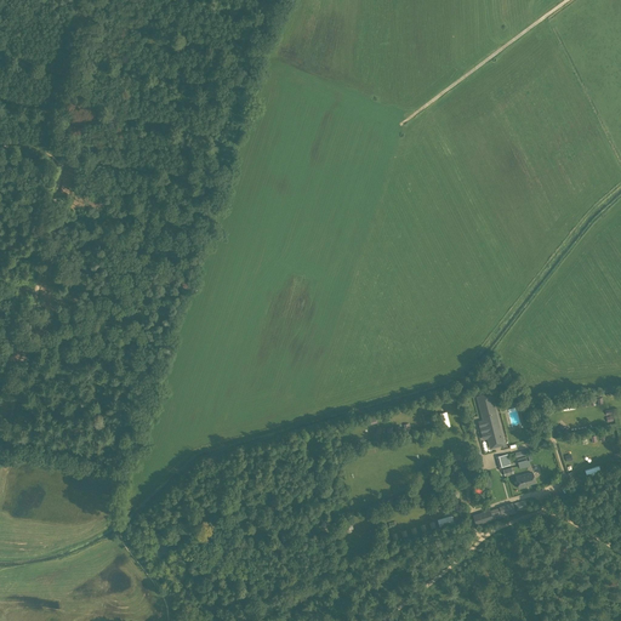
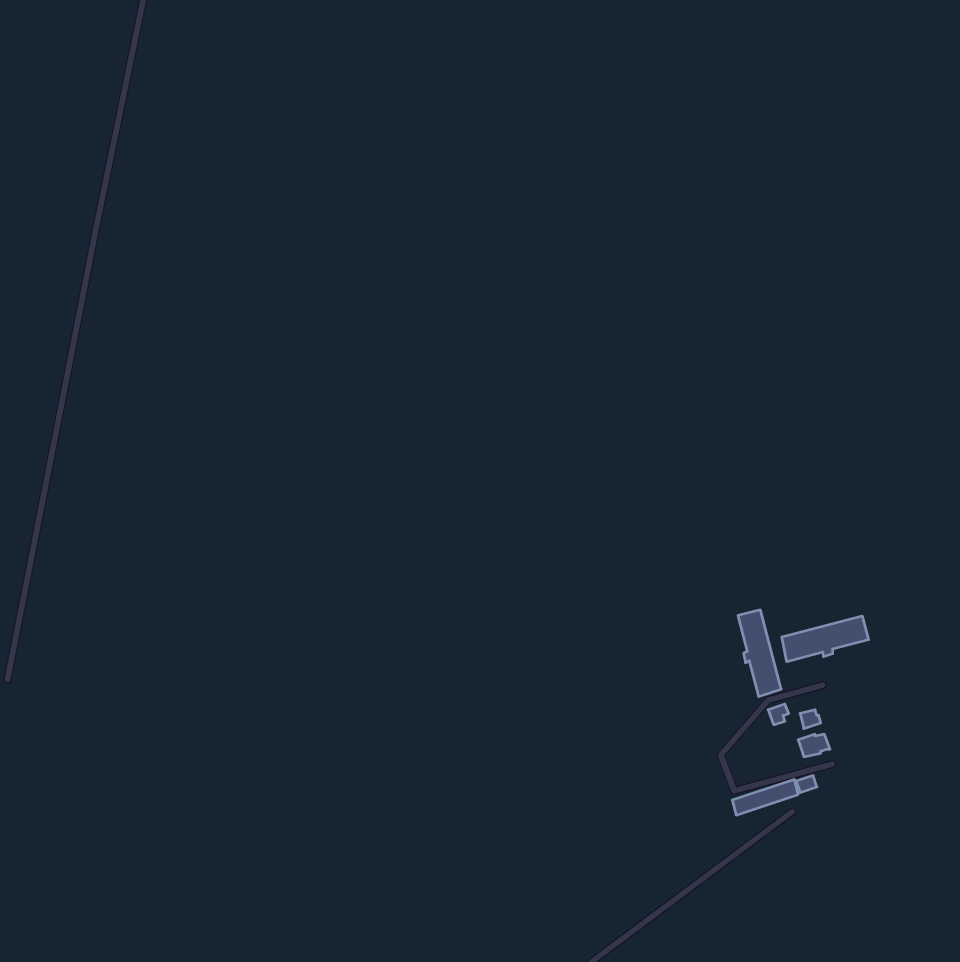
building: none -> [782,616,869,662]

